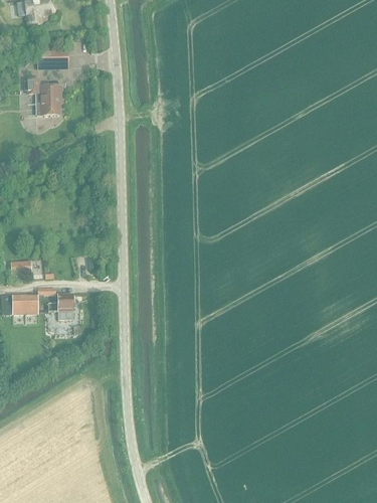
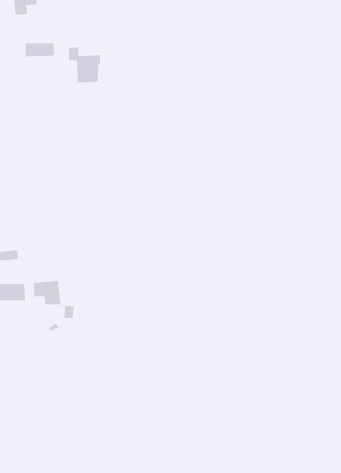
building: [28,77,61,115] -> [68,46,101,83]

